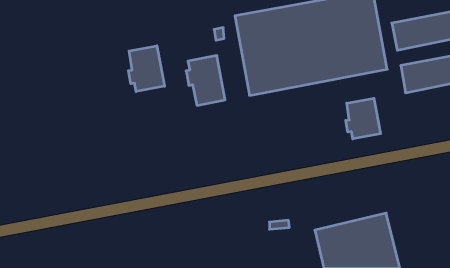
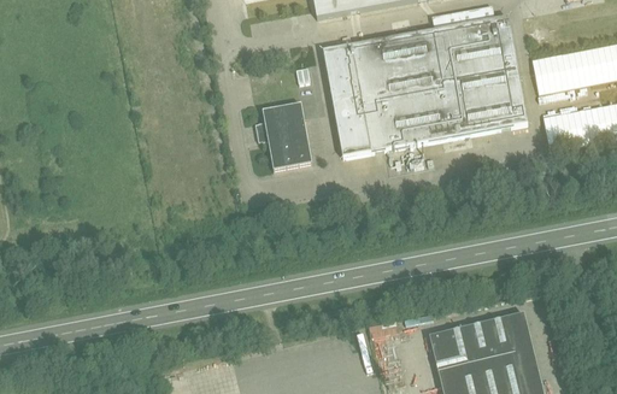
building: [128,46,165,92] -> none
building: [346,98,381,139] -> none

